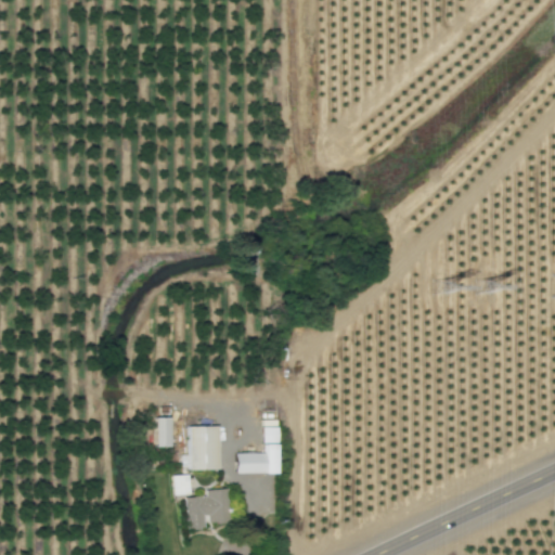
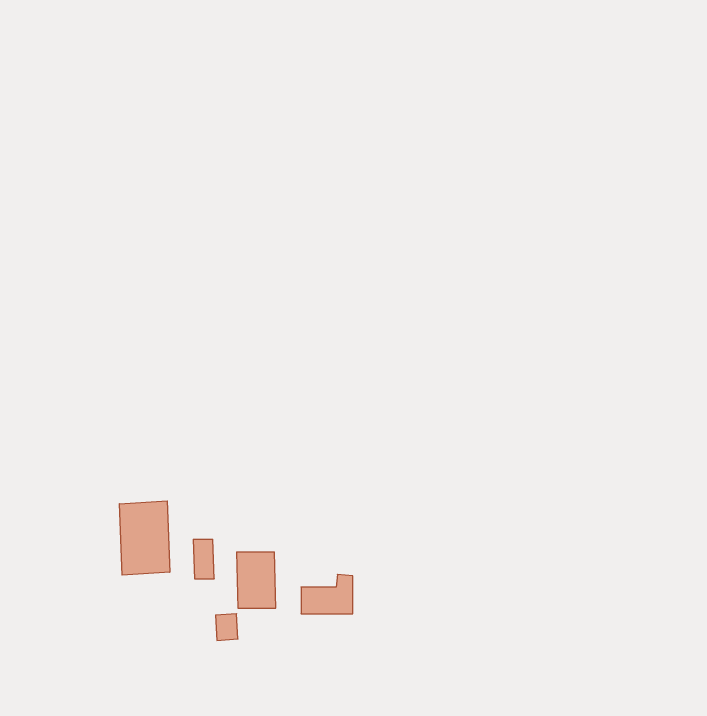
building: none -> [119,501,170,575]
building: [185,488,227,524] -> none

